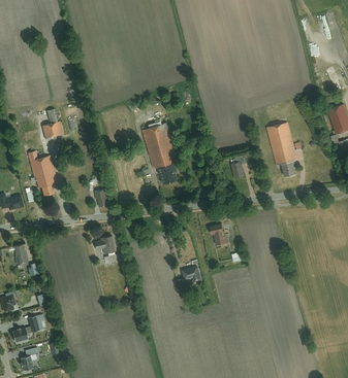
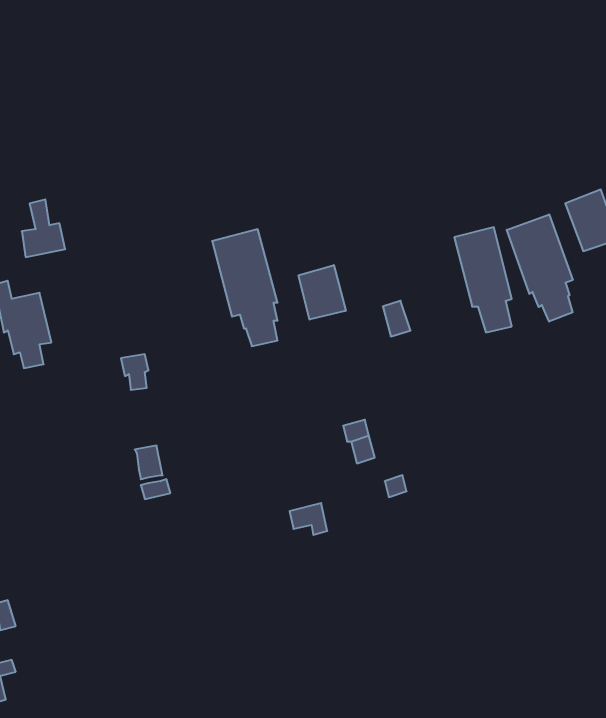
building: none -> [507,214,573,322]
building: none -> [299,265,346,320]

